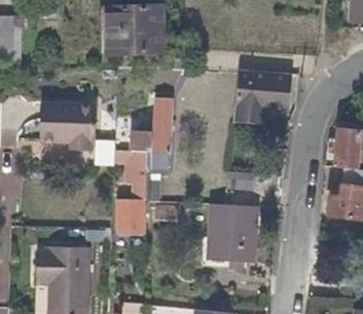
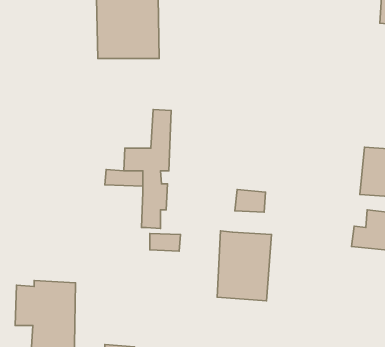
building: [233,72,290,127] -> none
building: [38,105,96,154] -> none
building: [116,200,144,232] -> none

